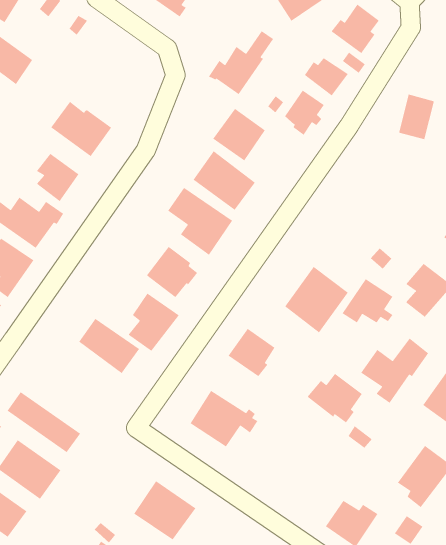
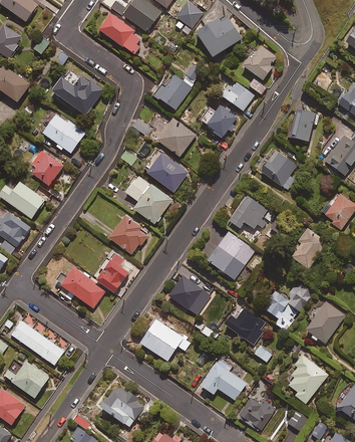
building: none -> [52,76,103,116]
building: none -> [261,151,296,189]
building: [341,278,394,323] -> [229,196,266,228]
building: none -> [200,358,246,400]

